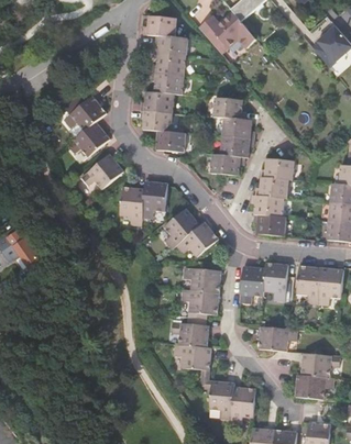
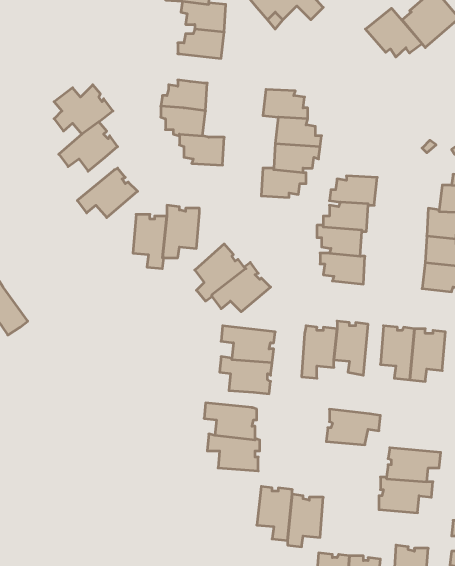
building: none -> [365,8,422,57]
building: [151,73,183,95] -> none

